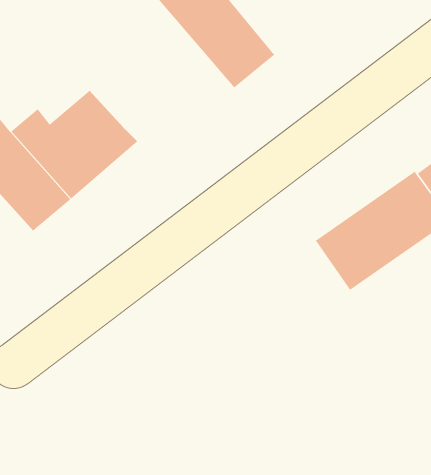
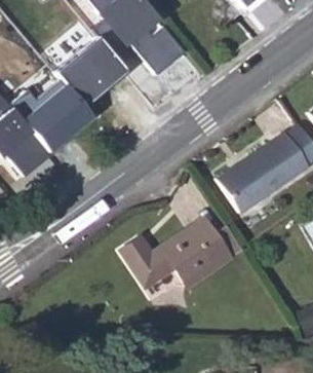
building: none -> [56,37,127,104]
building: none -> [121,220,229,285]

